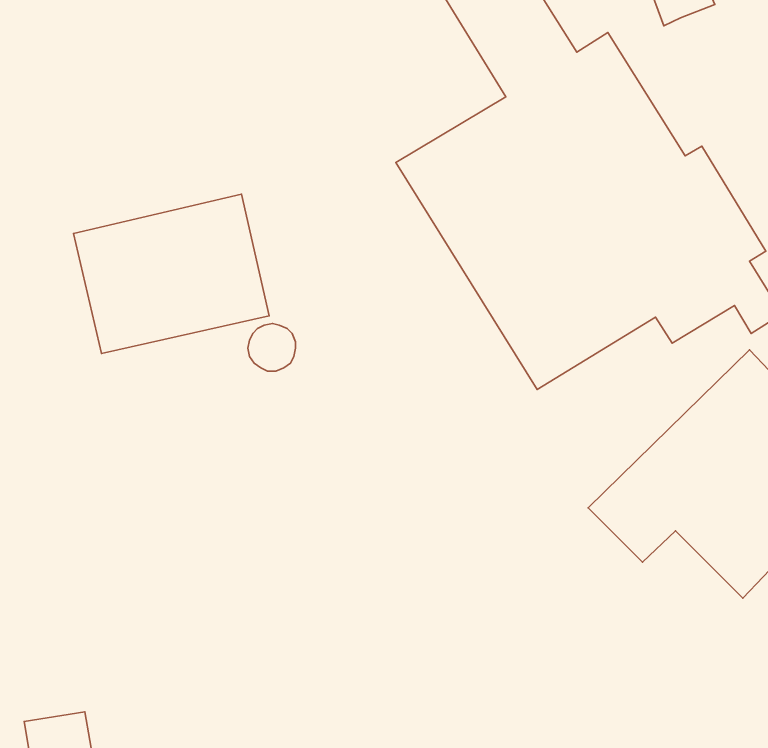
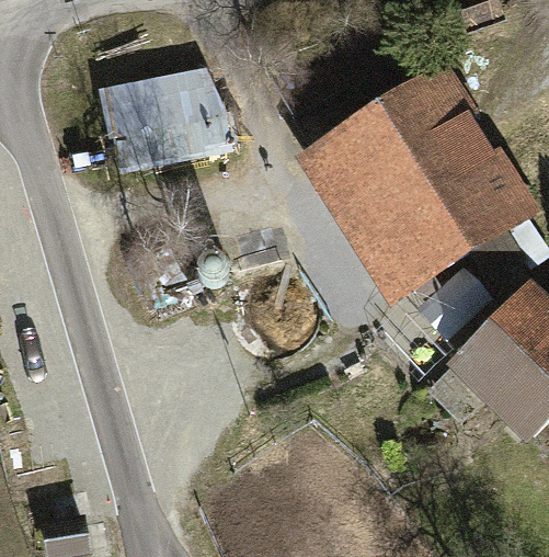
building: [74,194,269,354] -> [101,70,231,177]

